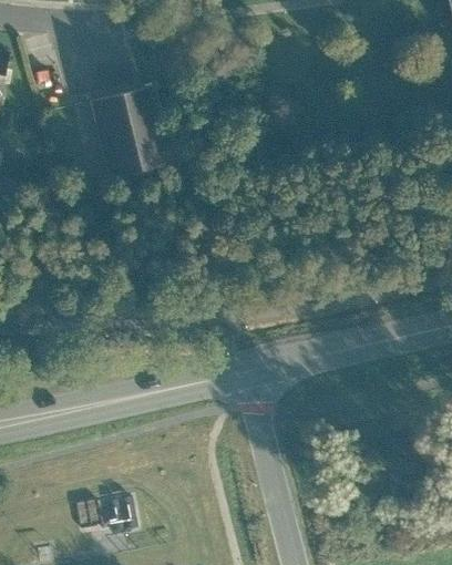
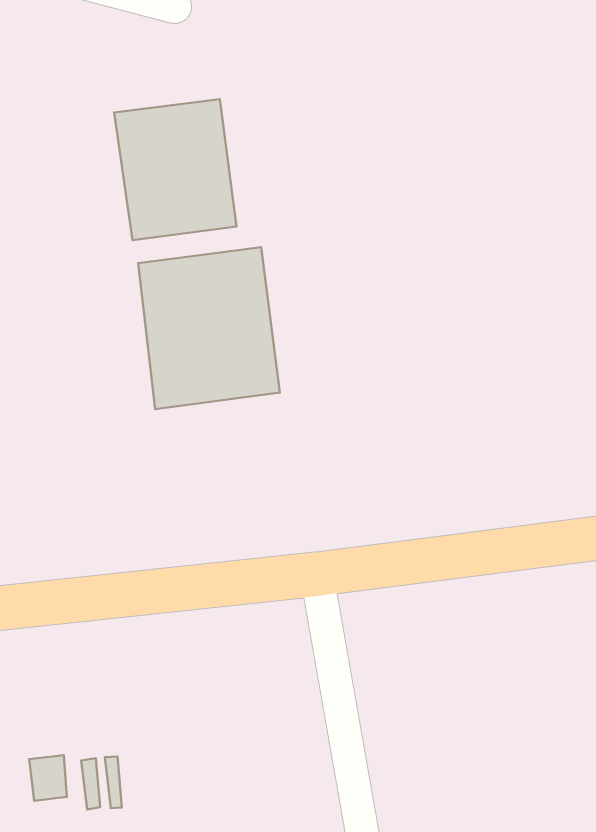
building: none -> [138,247,280,409]

